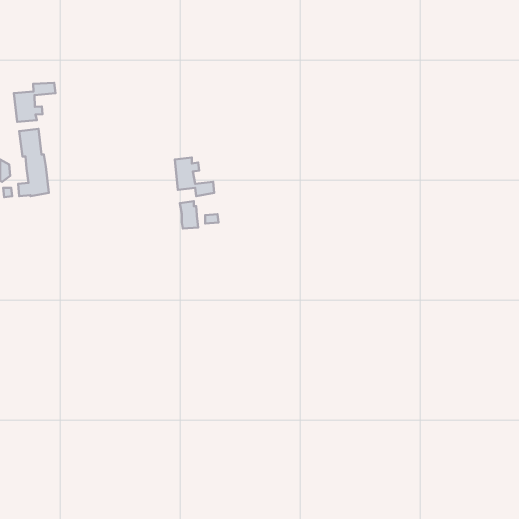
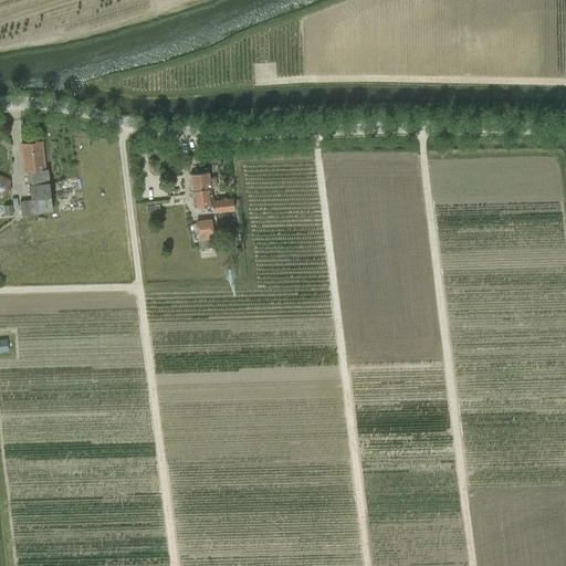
building: [14,83,55,122] -> none

